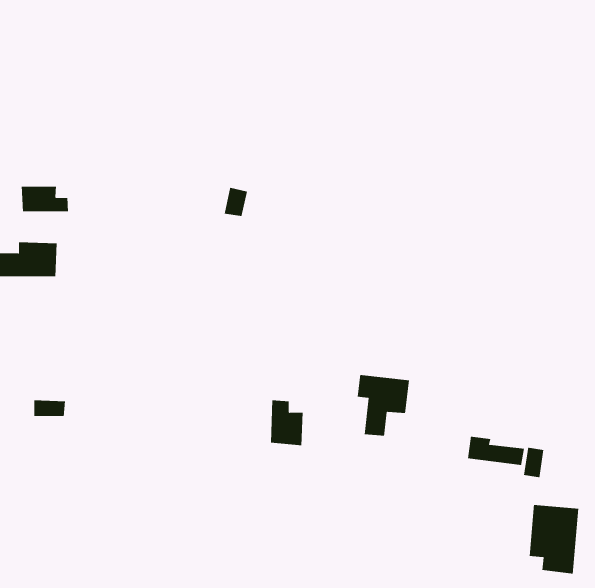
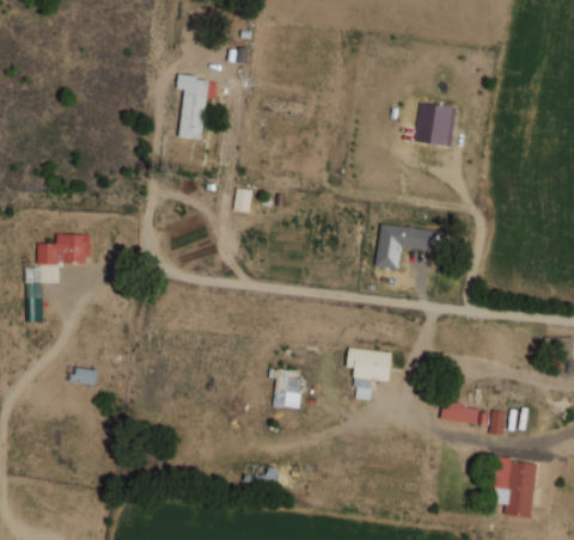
building: none -> [177,76,215,141]
building: none -> [415,103,458,148]
building: [21,186,68,212] -> none
building: none -> [375,222,434,270]

